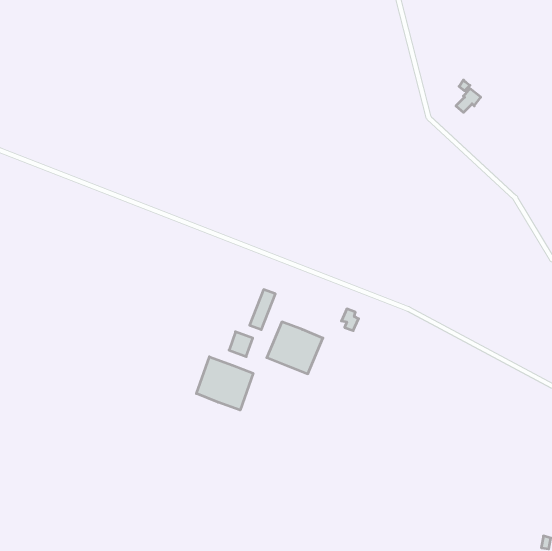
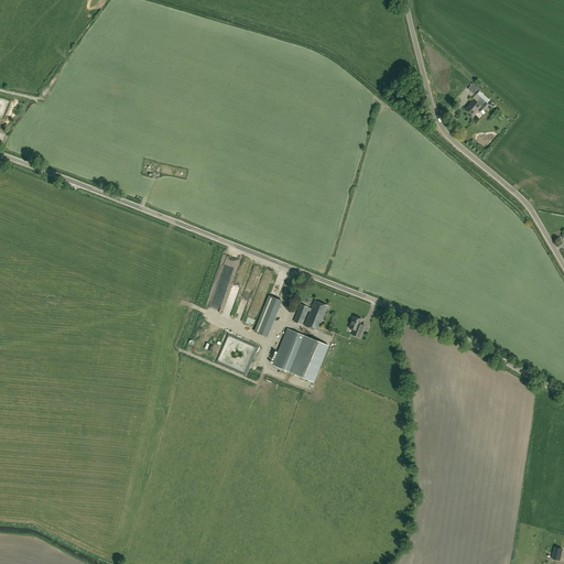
building: none -> [294,300,328,330]
building: [196,357,253,410] -> none

